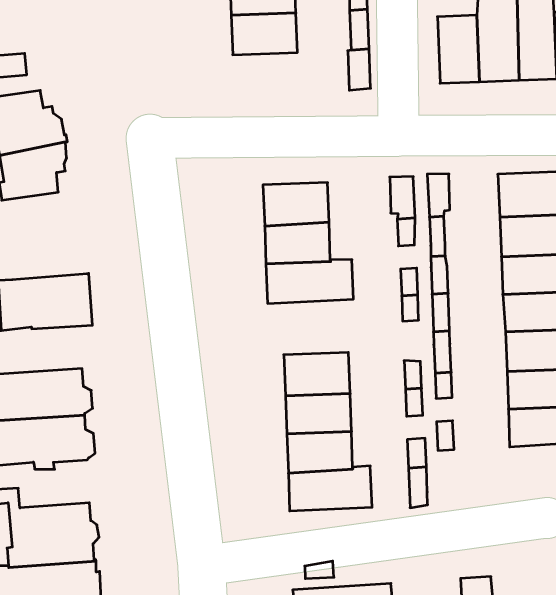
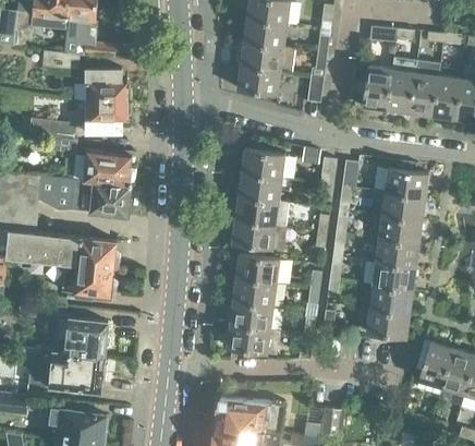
building: none -> [236,68,279,95]
building: none -> [83,149,131,184]
building: none -> [231,221,287,251]

